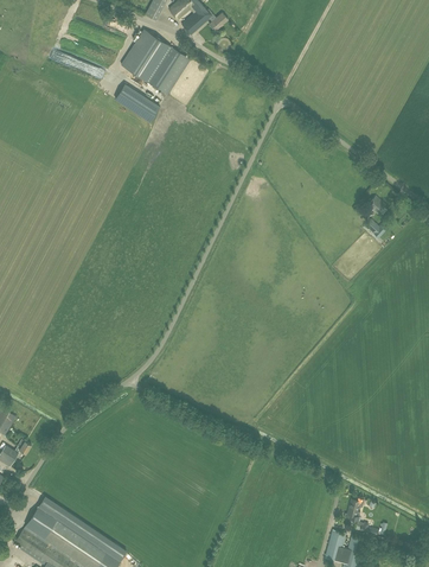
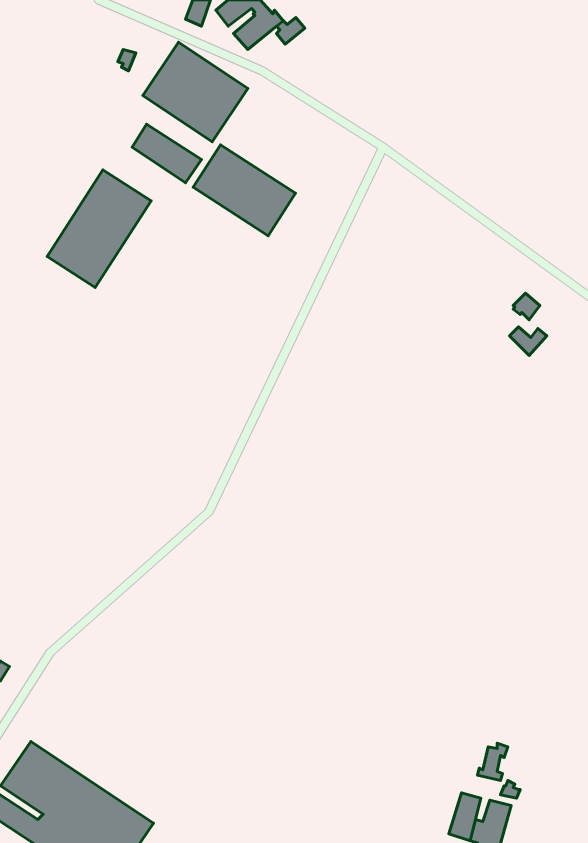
building: none -> [193,145,296,236]
building: none -> [47,170,151,288]

